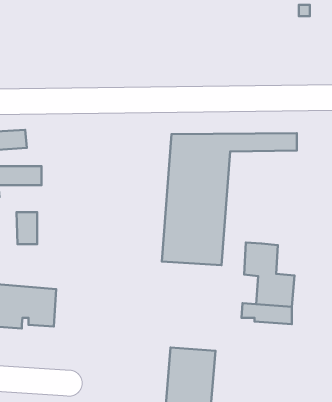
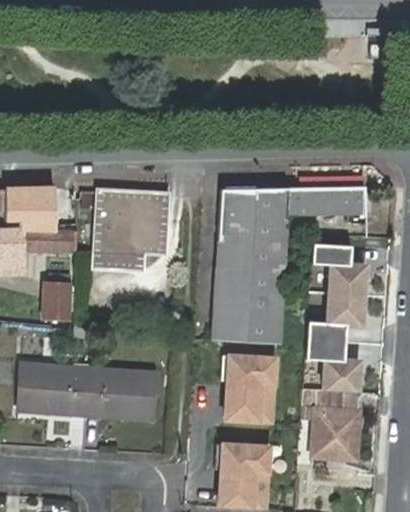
building: none -> [95,187,163,261]
building: none -> [312,240,368,321]
building: none -> [221,350,279,424]
building: none -> [85,371,156,424]
building: none -> [315,408,361,459]

